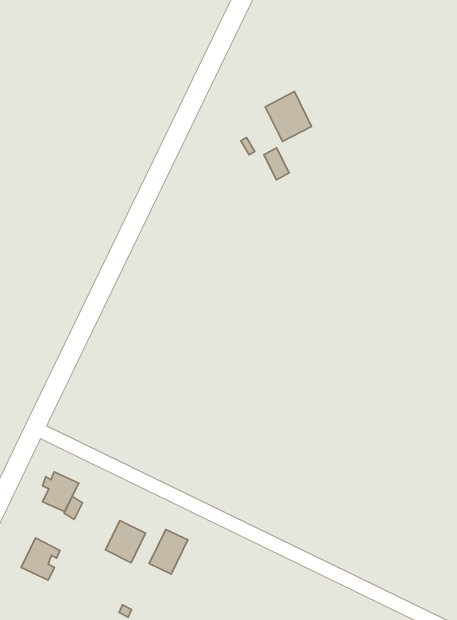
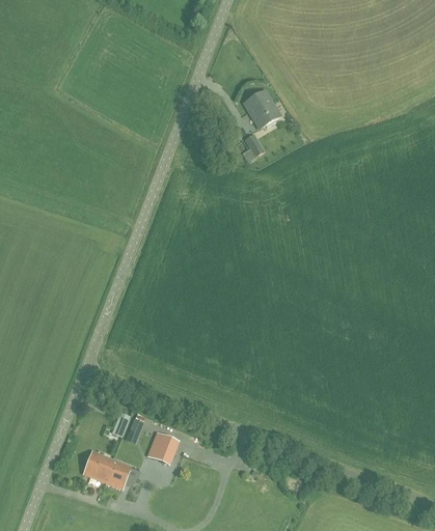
building: [42,472,79,512] -> [104,459,132,490]
building: [149,529,188,574] -> none

